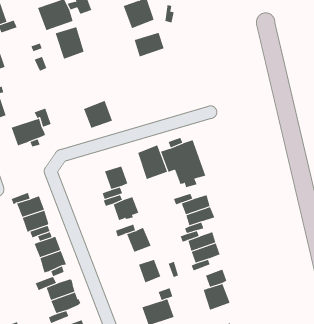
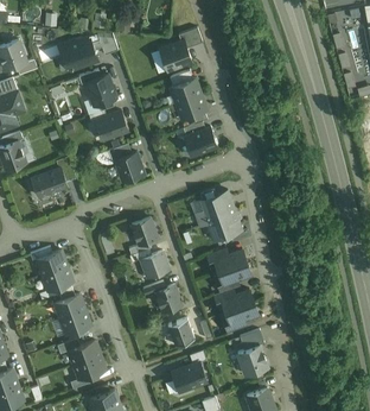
building: none -> [168,91,202,118]
building: none -> [88,102,121,137]
building: none -> [177,121,211,152]
building: [137,144,168,180] -> none

